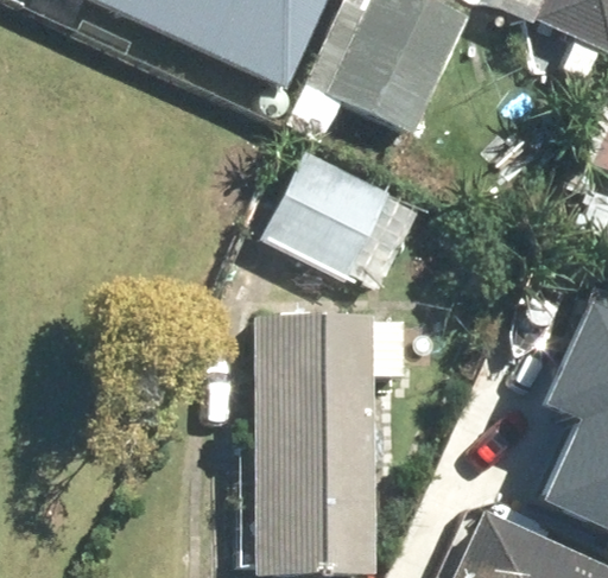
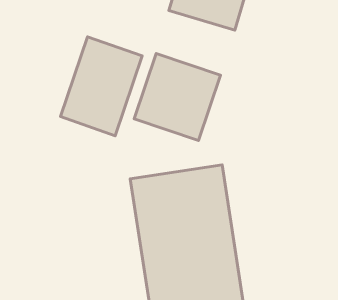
building: none -> [61,37,142,136]

